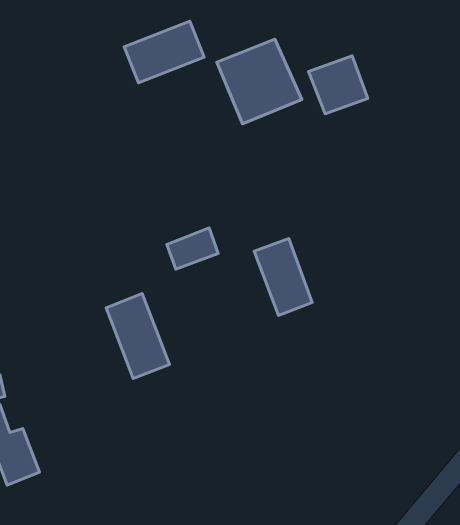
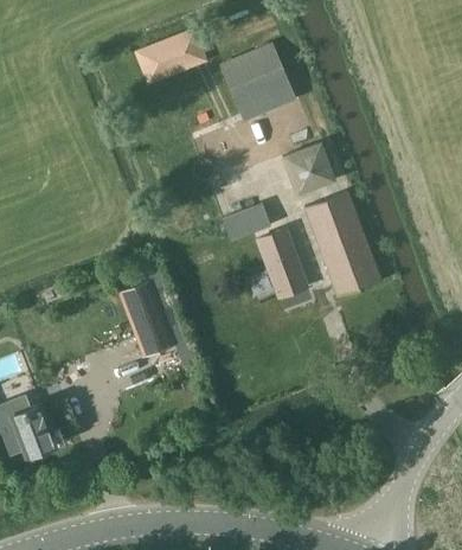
building: [309,56,368,114] -> [281,141,335,194]
building: none -> [304,191,379,295]
building: [167,228,218,269] -> [223,203,270,241]

